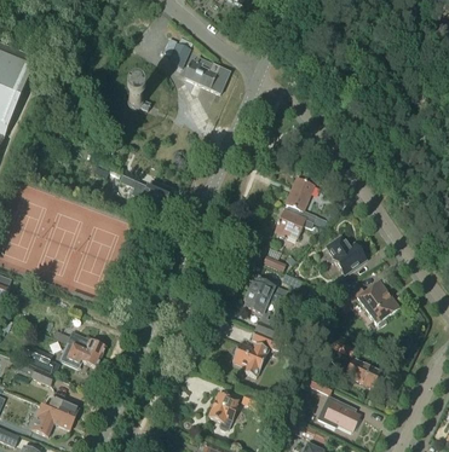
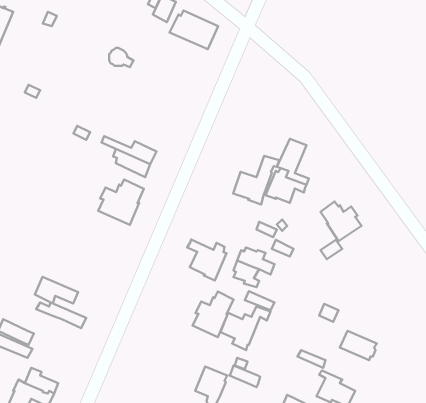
building: none -> [233,156,279,204]
building: none -> [98,179,144,225]
building: none -> [187,239,226,281]
building: [336,280,398,324] -> none
building: none -> [193,291,233,337]
building: [64,343,105,369] -> [35,277,78,304]

